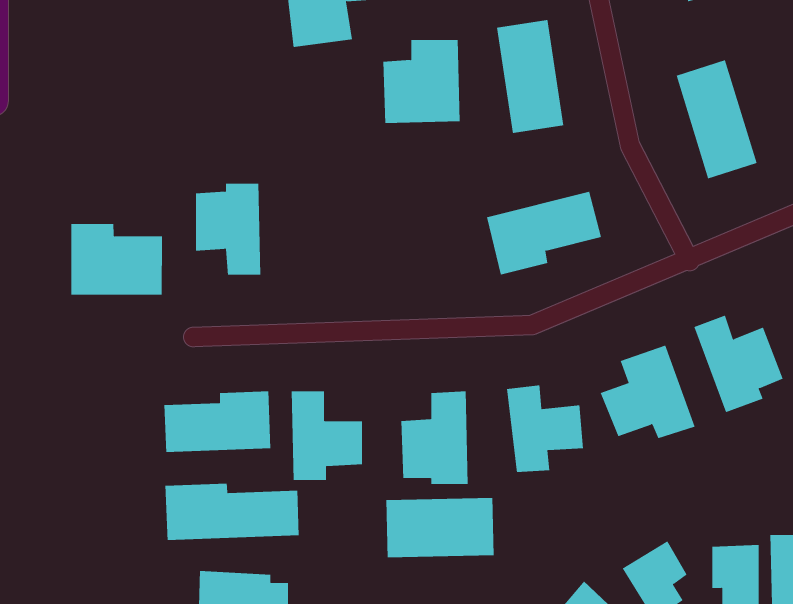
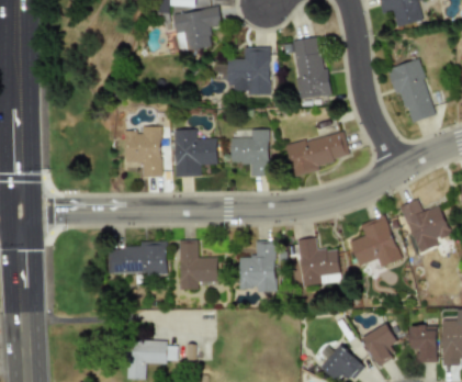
building: none -> [230,128,268,176]
building: none -> [173,130,217,177]
building: [71,223,162,295] -> none
building: [165,483,299,541] -> none
building: [386,497,494,558] -> none

